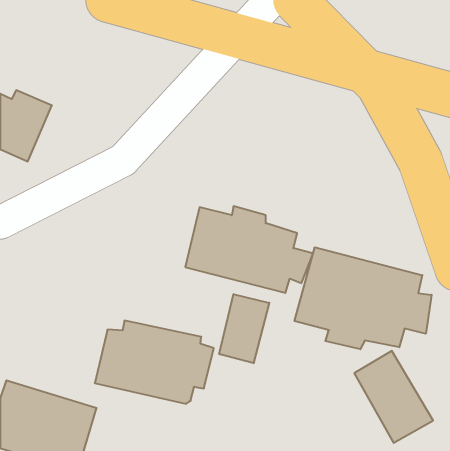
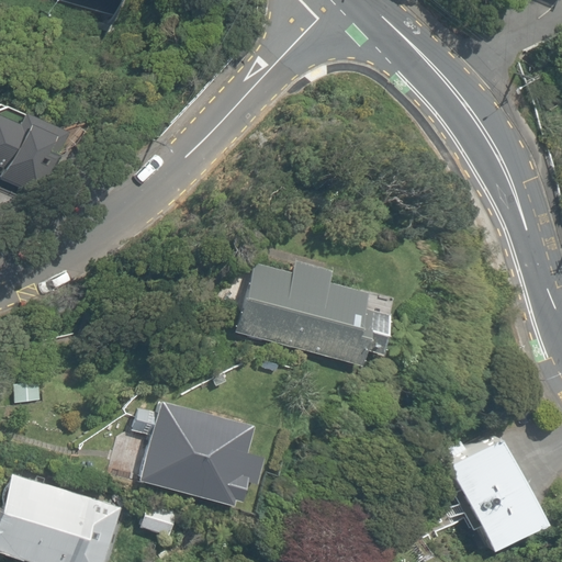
building: [295,247,432,349] -> none
building: [219,294,269,363] -> none

